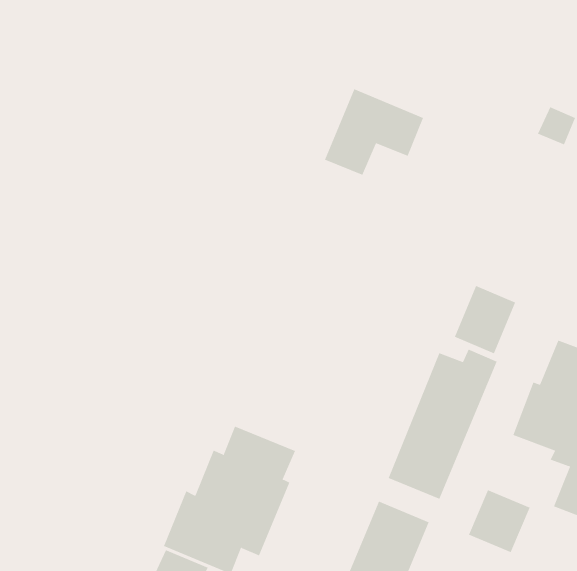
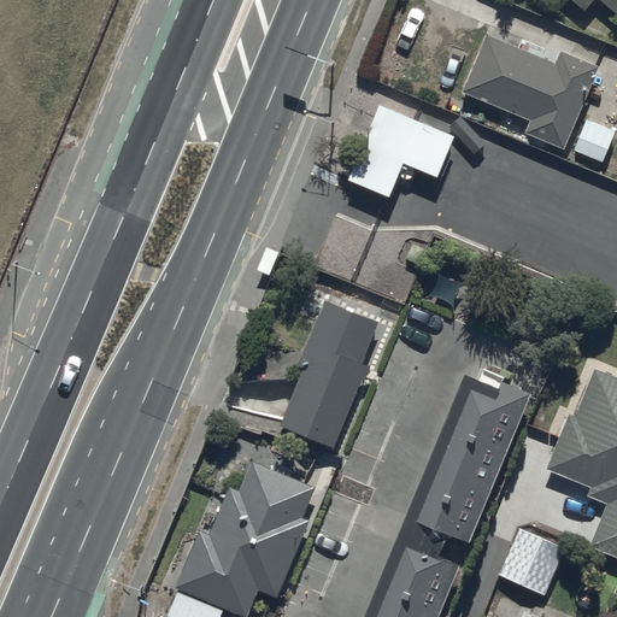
building: none -> [462,35,599,151]
building: none -> [281,301,378,448]
building: [454,285,516,354] -> none

